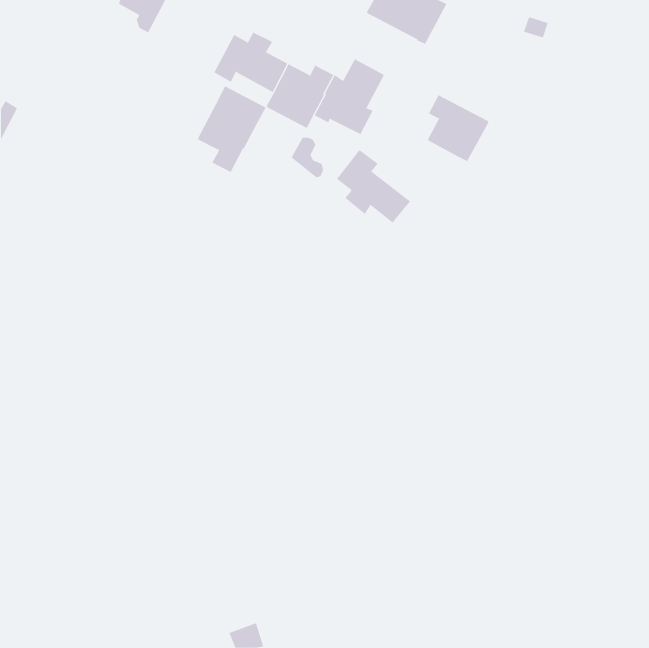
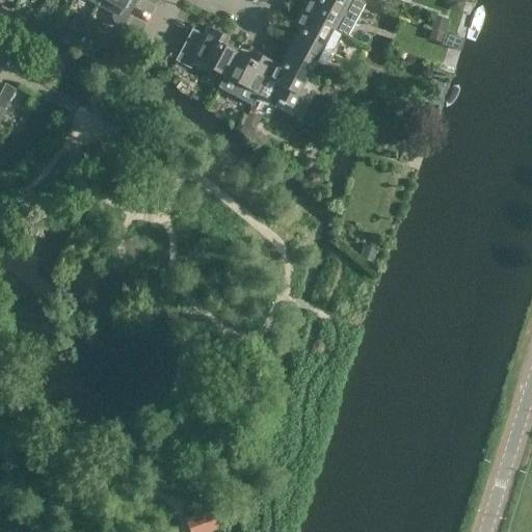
building: [197,86,266,173] -> none
building: [427,95,489,162] -> [290,10,341,65]
building: [336,149,411,224] -> none

